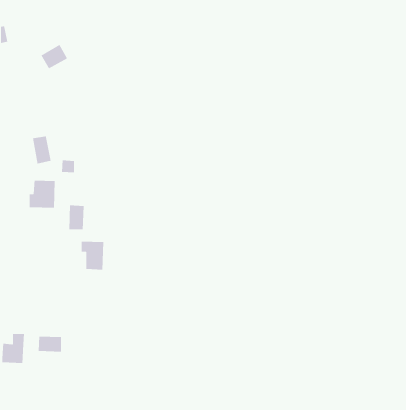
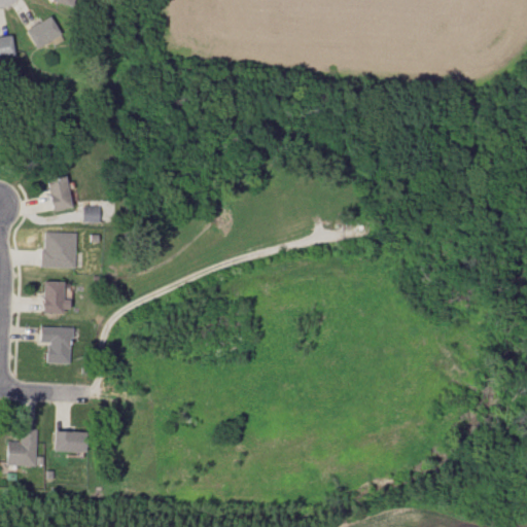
building: [41,44,68,69] -> [28,15,63,47]
building: [68,205,84,230] -> [43,281,64,313]
building: [81,241,104,270] -> [43,326,73,363]

